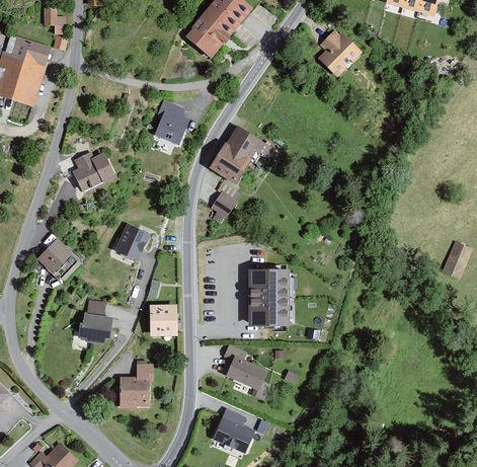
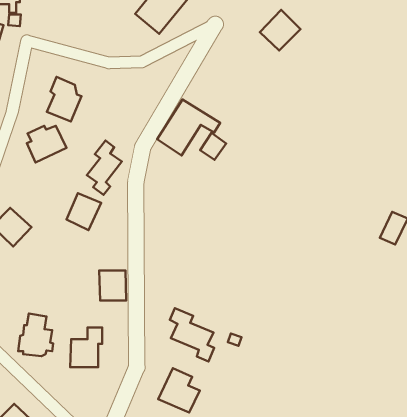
building: [153,99,189,146] -> [47,77,82,121]
building: none -> [87,141,122,195]
building: [210,189,237,218] -> [200,133,226,160]
building: [248,269,290,327] -> none
building: [77,300,113,344] -> [18,314,53,356]

